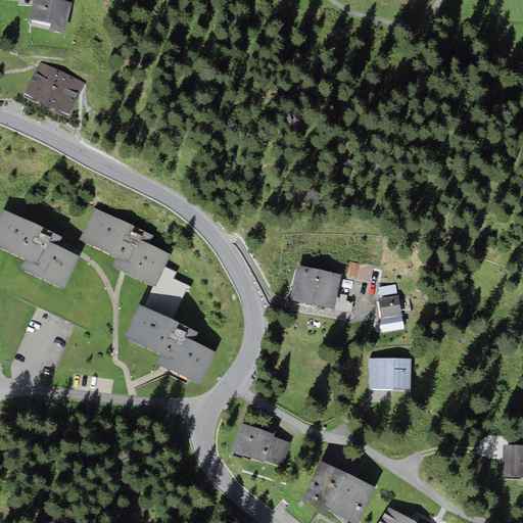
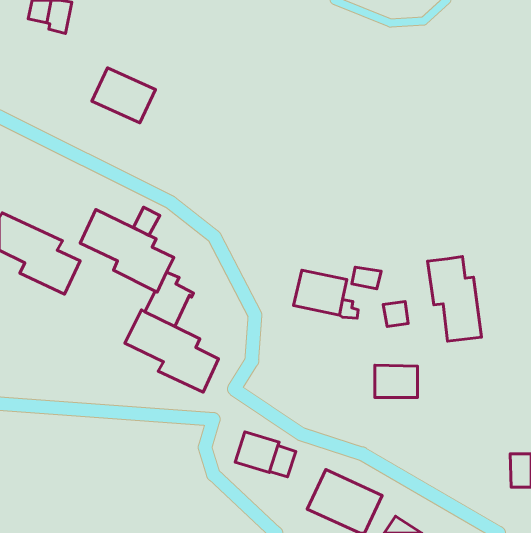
building: [23,62,86,116] -> [92,68,155,123]
building: none -> [133,207,160,235]
building: none -> [428,257,481,341]

